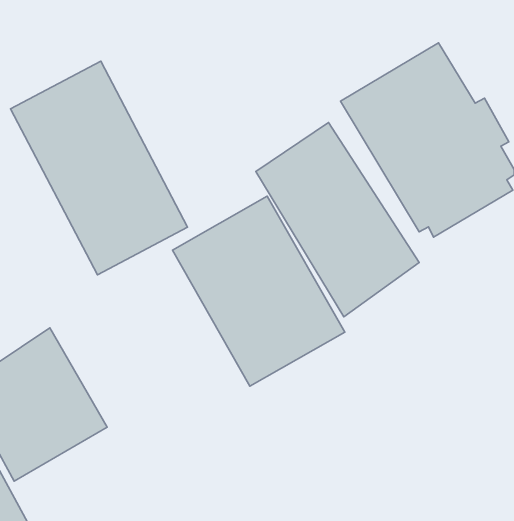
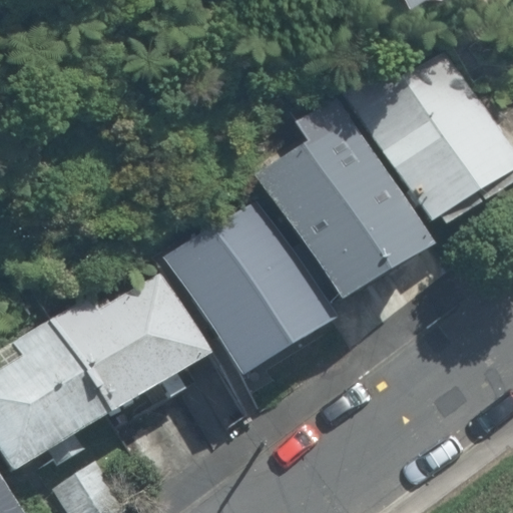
building: [11,61,188,275] -> none
building: none -> [51,262,210,416]

